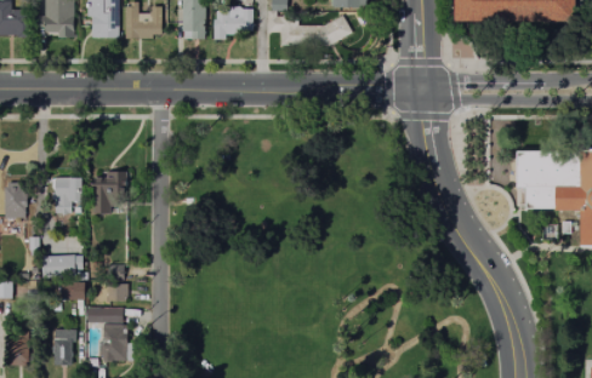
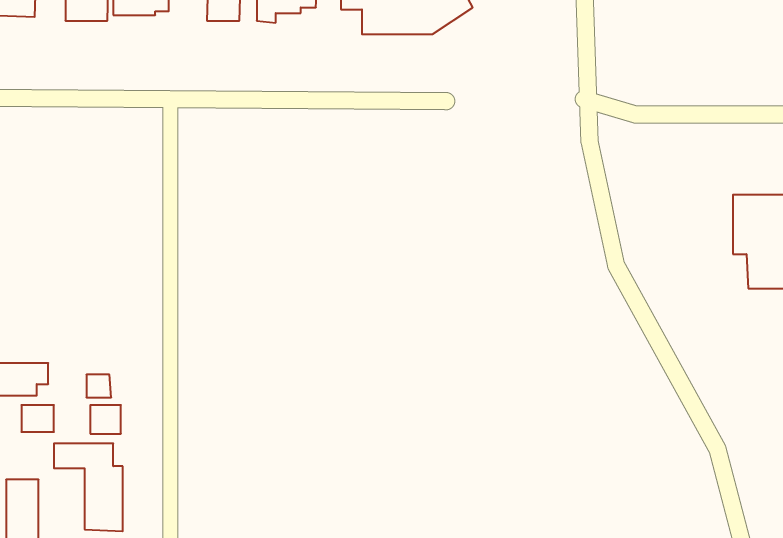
building: [92,171,125,213] -> none
building: [56,177,82,213] -> none

